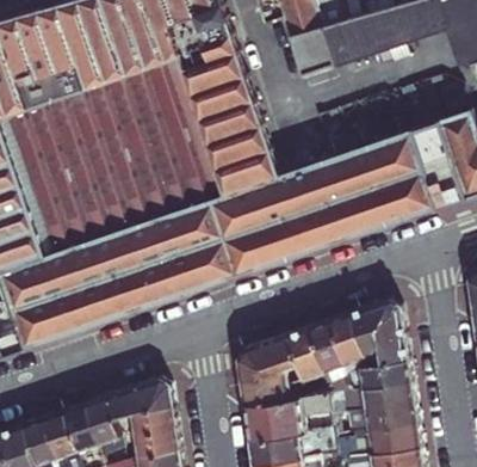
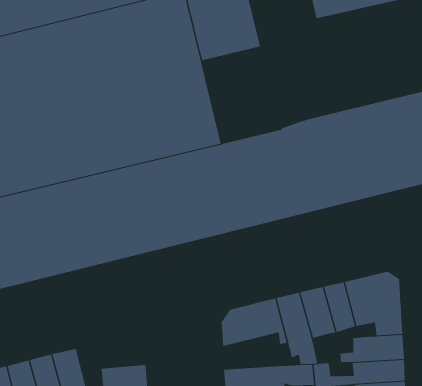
building: [198,103,277,196] -> none
building: [240,369,289,405] -> none
building: [105,379,171,418] -> none

